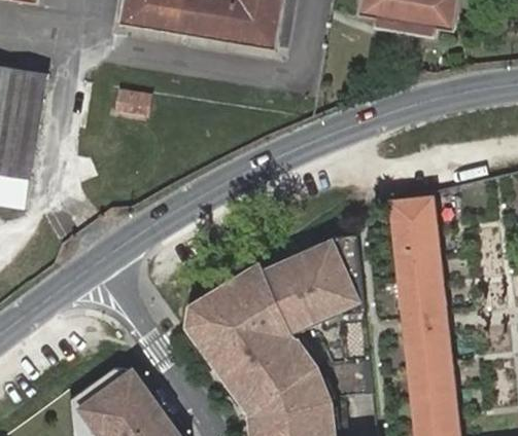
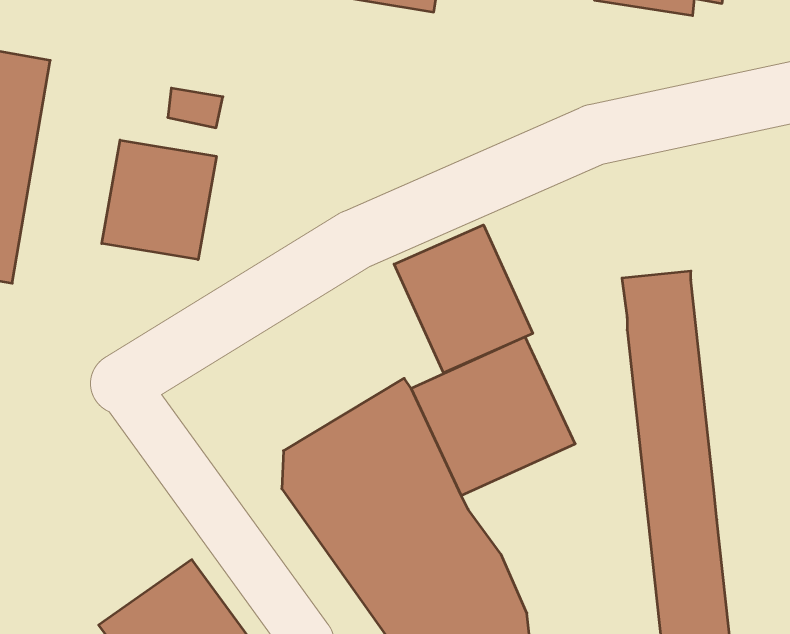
building: none -> [102,140,216,260]
building: none -> [394,225,533,373]

